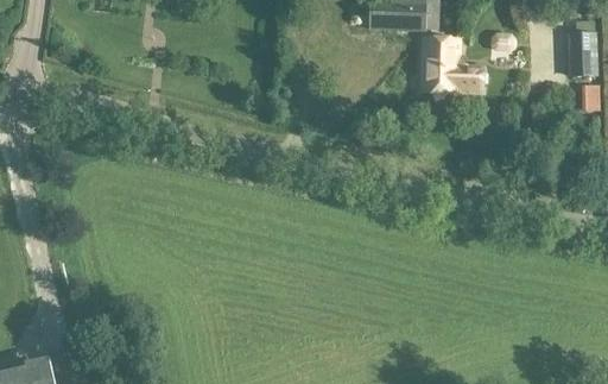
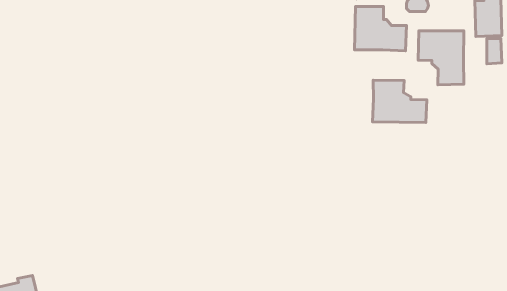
building: none -> [418,31,464,85]
building: none -> [372,80,427,123]

